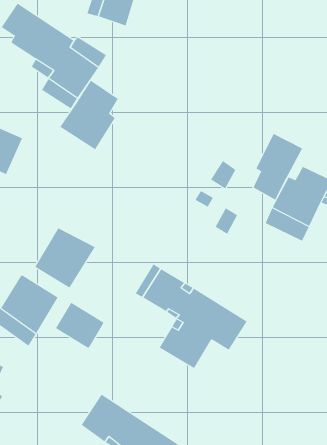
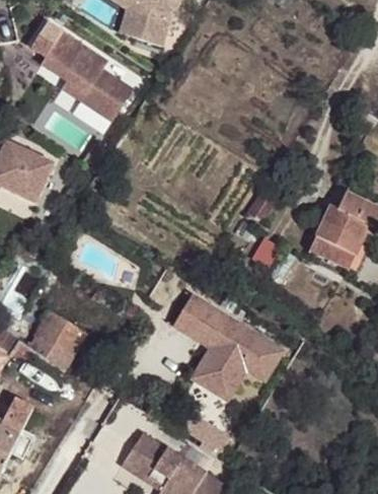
building: [60,80,118,150] -> none
building: [253,133,303,200] -> none
building: [34,228,96,289] -> none
building: [55,302,104,349] -> none

